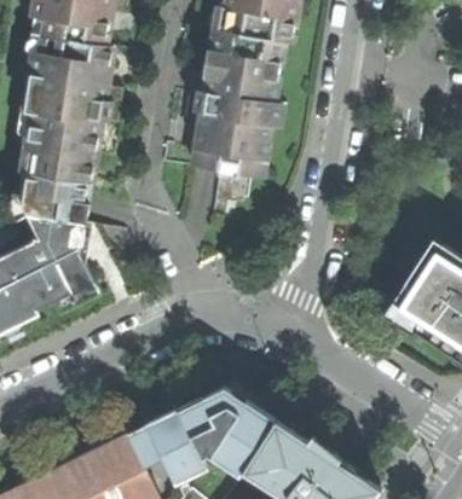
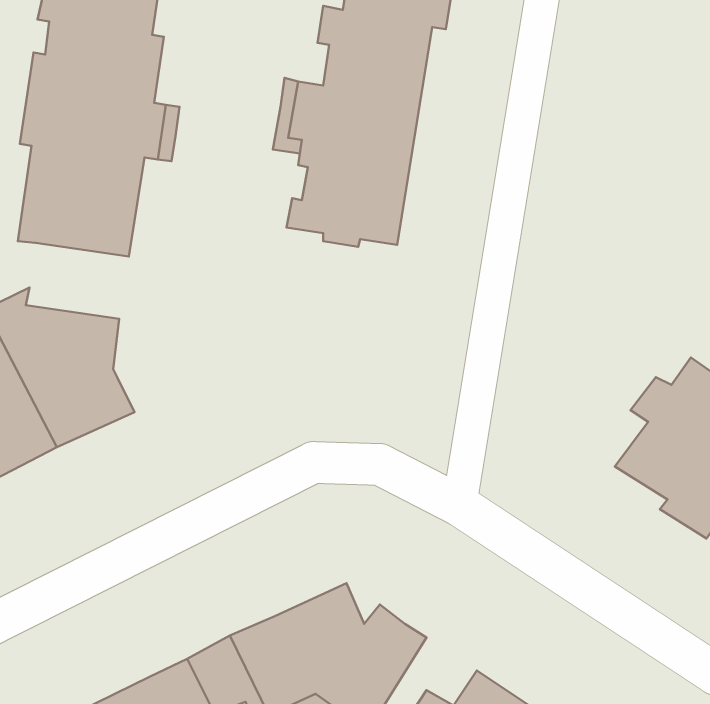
building: [28,175,92,222] -> none

